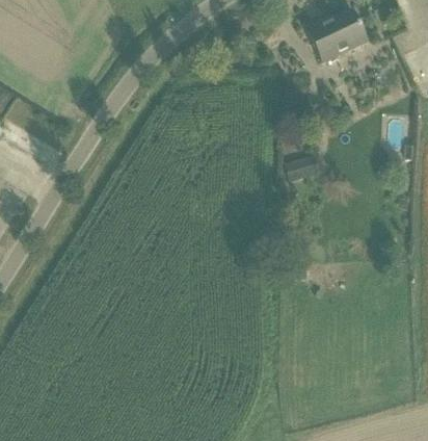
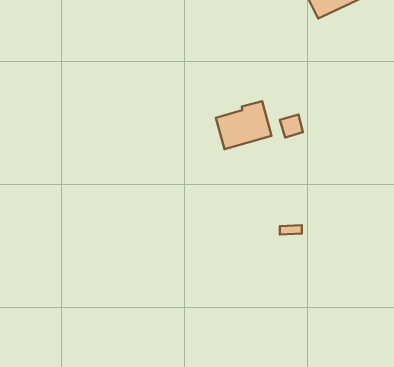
building: none -> [216,101,271,149]

